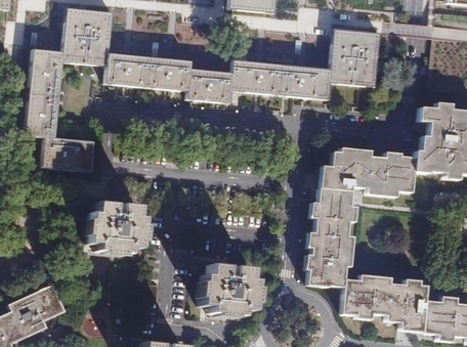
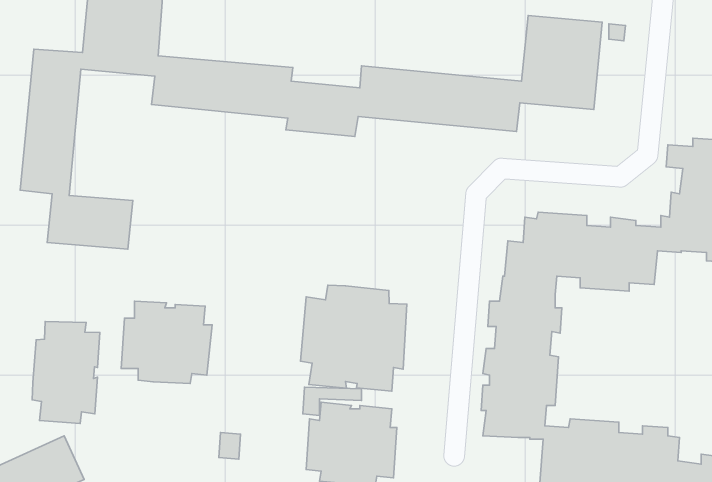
building: none -> [300,285,407,391]
building: none -> [32,322,100,423]

